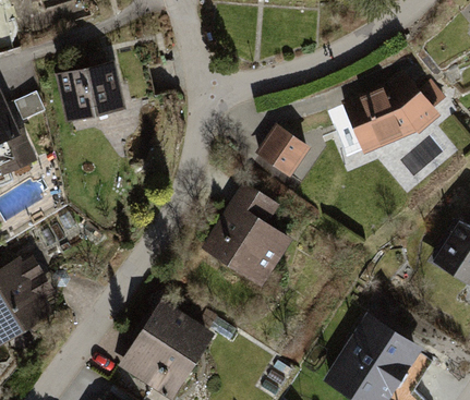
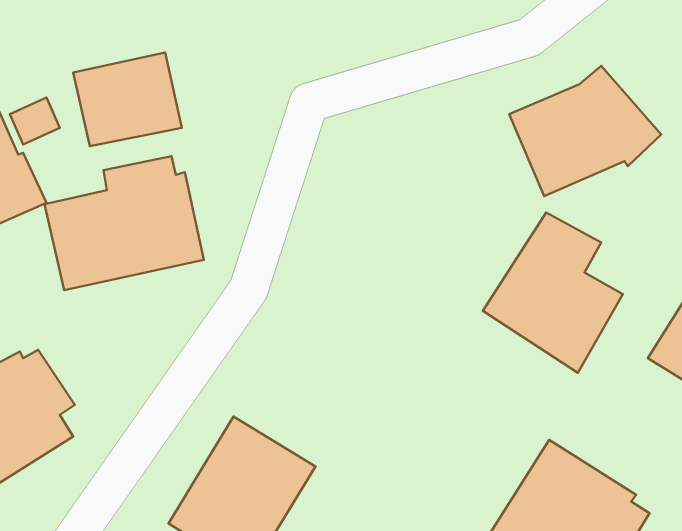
building: [255,124,310,177] -> none
building: none -> [44,156,204,290]
building: [201,184,292,289] -> [483,212,623,373]

